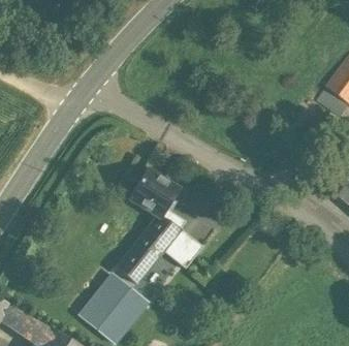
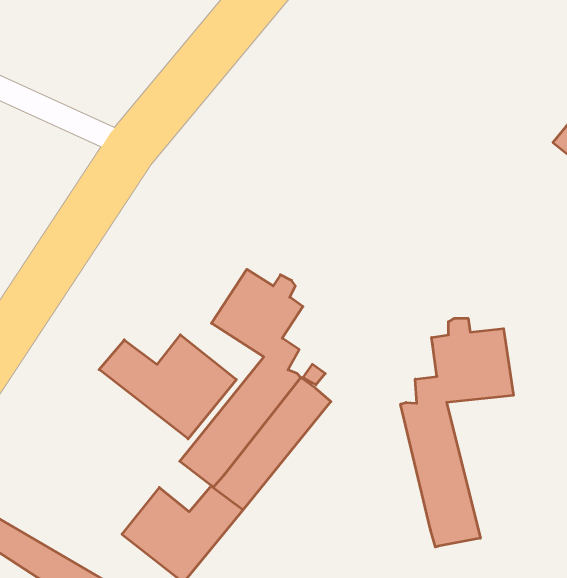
building: none -> [401,318,513,547]
building: none -> [99,335,236,439]

